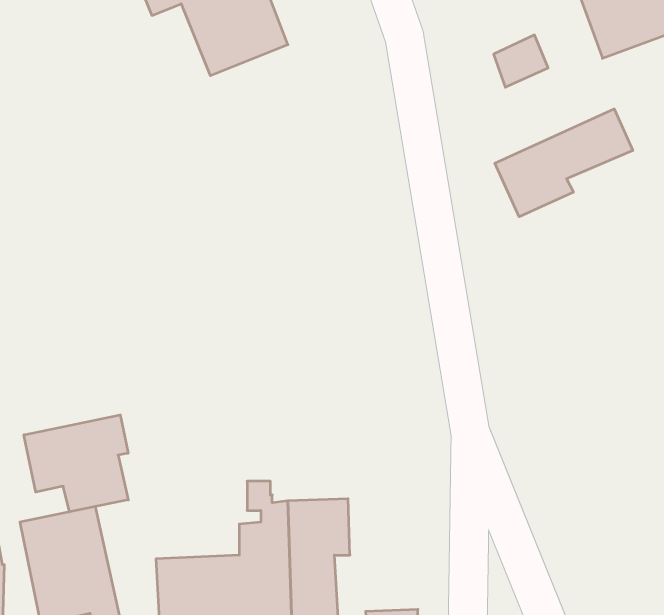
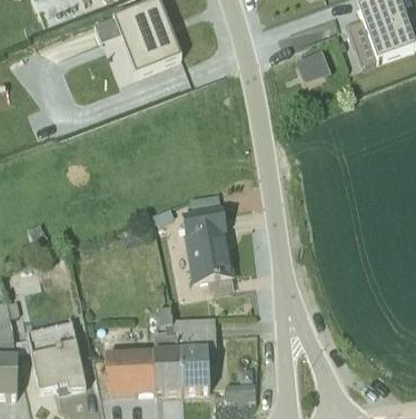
building: [495,109,633,217] -> none
building: none -> [177,194,234,292]
building: [24,415,128,512] -> none

